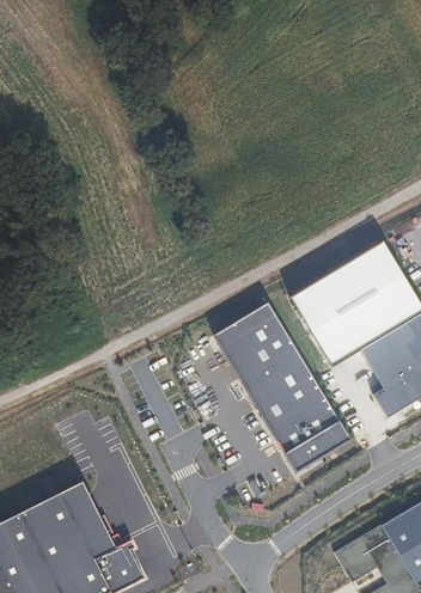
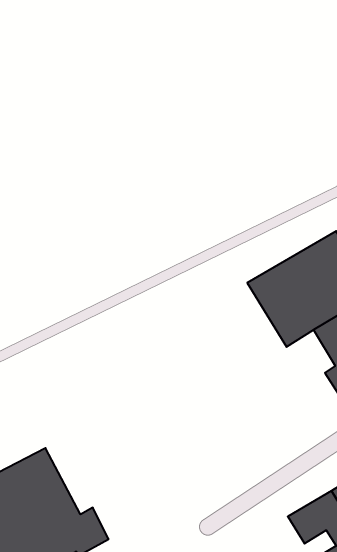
building: [215,306,352,477] -> none

